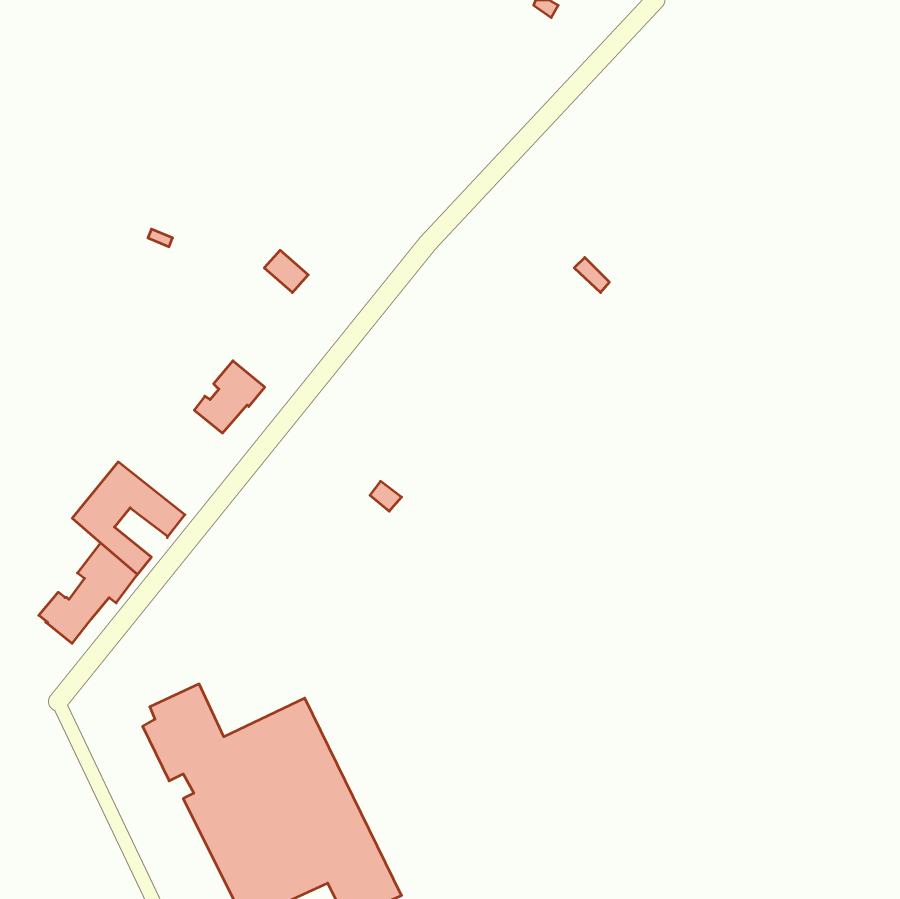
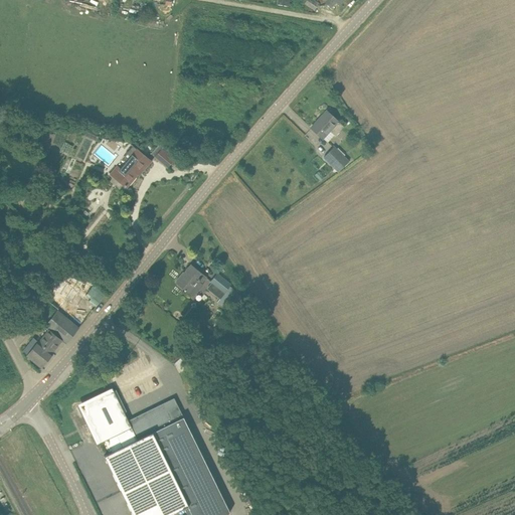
building: none -> [311,112,344,140]
building: [194,361,265,433] -> [111,147,151,188]
building: none -> [176,266,206,294]

